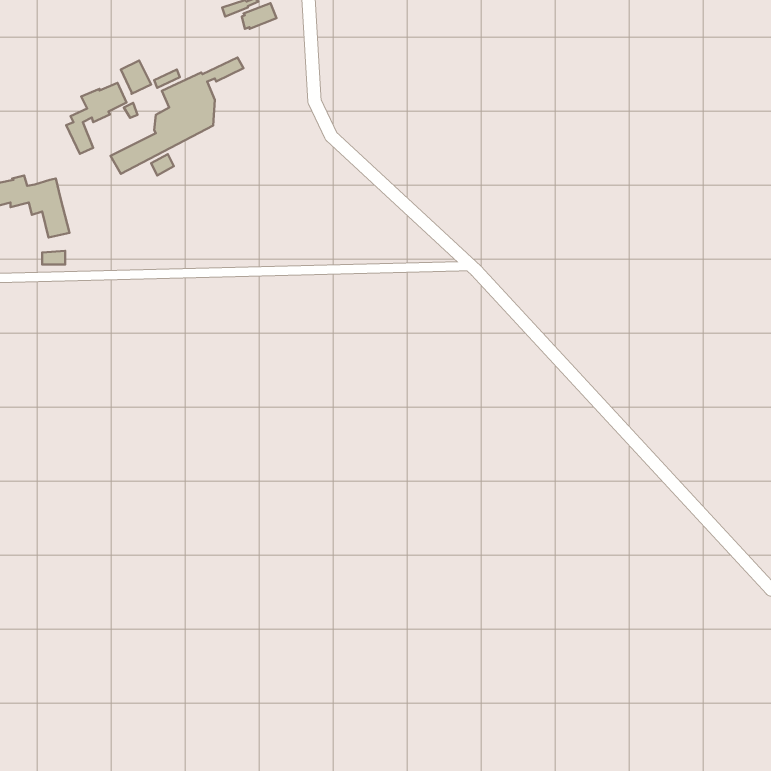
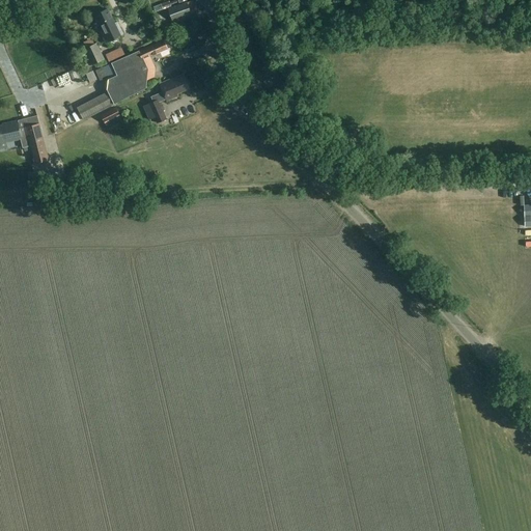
building: none -> [93,8,122,43]
building: [66,83,127,154] -> [147,74,189,122]

